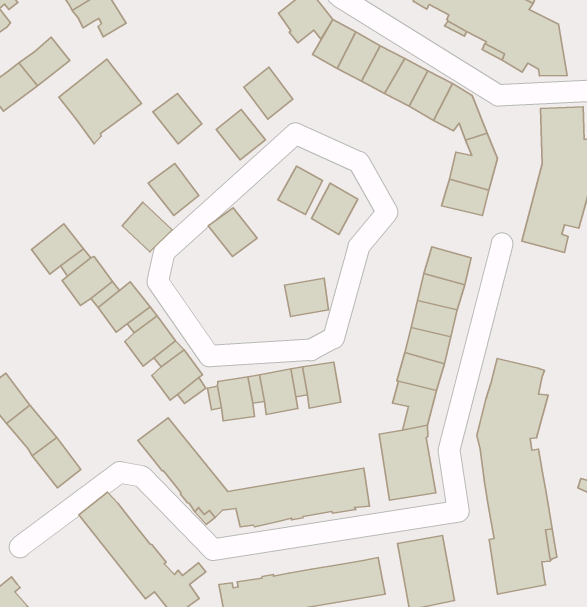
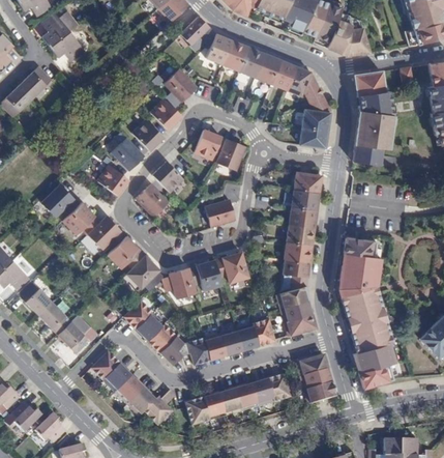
building: [59,59,142,144] -> none
building: [153,94,202,144] -> [131,118,164,150]
building: none -> [136,183,169,217]

